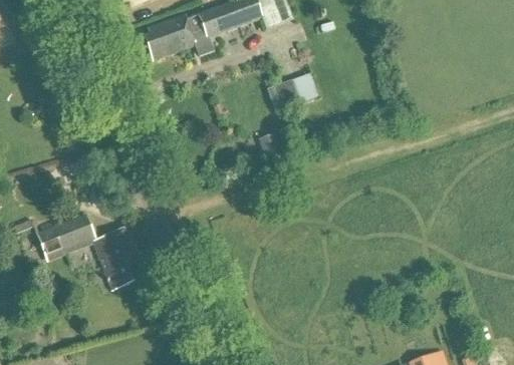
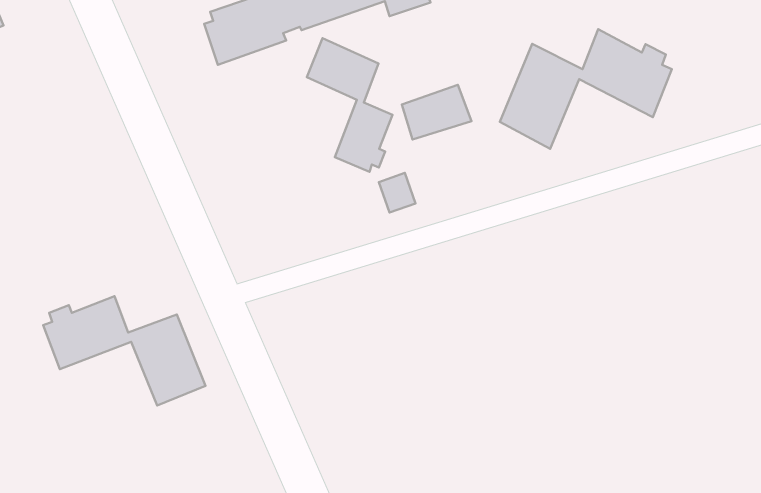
building: none -> [500,29,672,149]
building: none -> [307,38,393,172]

